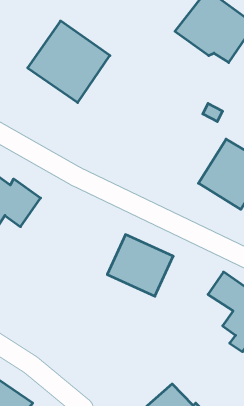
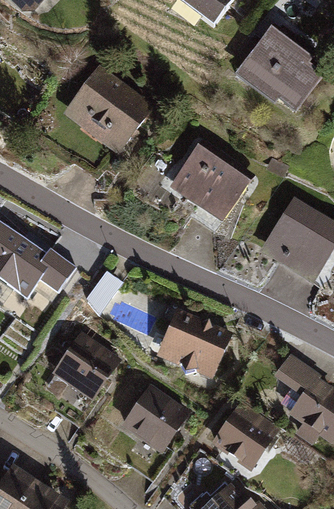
building: none -> [167,139,249,219]
building: none -> [84,271,122,317]
building: none -> [50,331,121,402]
building: none -> [120,383,192,455]
building: none -> [209,400,278,471]

